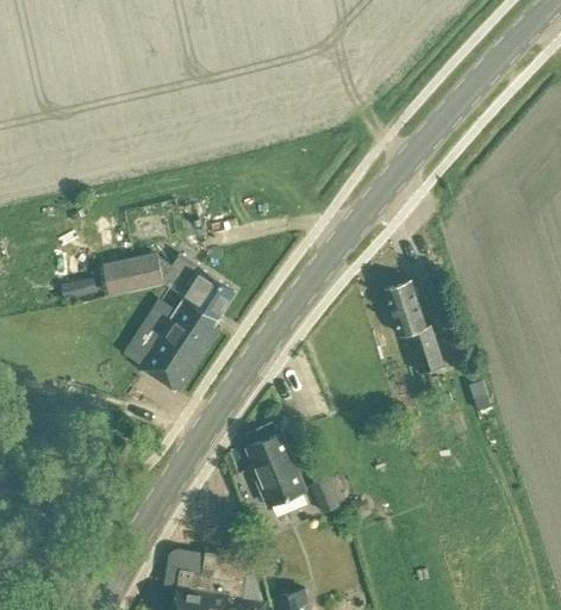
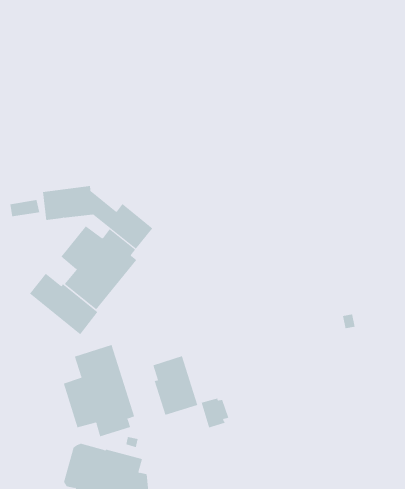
building: [386,282,443,374] -> none
building: none -> [29,273,98,335]
building: none -> [63,344,135,437]

